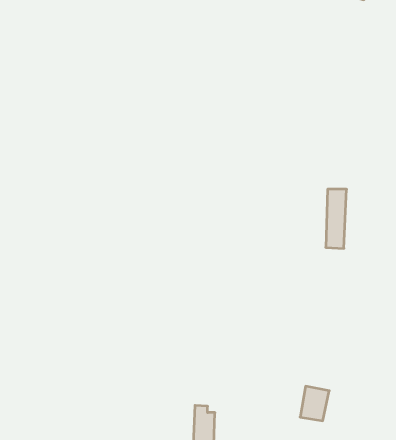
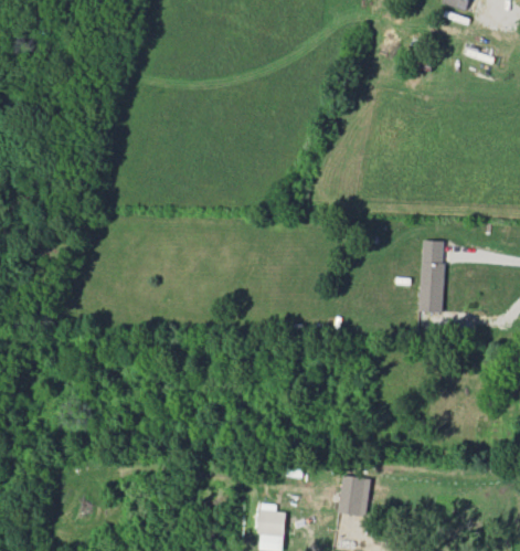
building: [300,386,329,421] -> [337,475,372,517]

